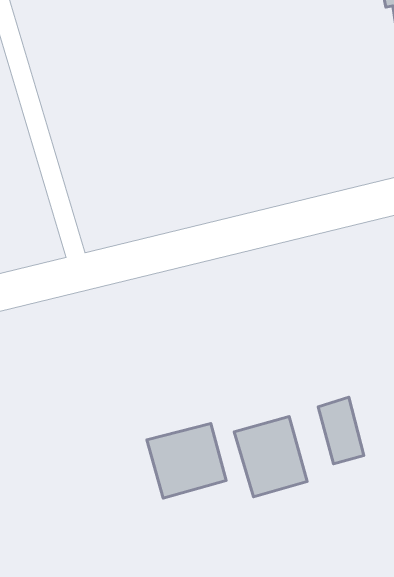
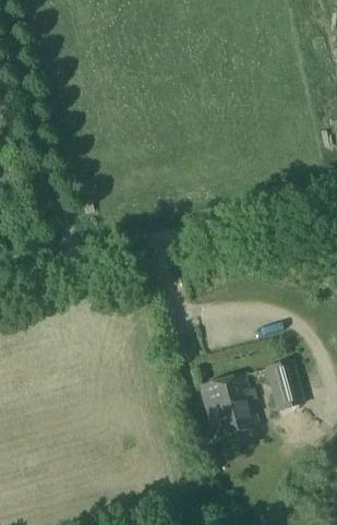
building: [147,424,226,498] -> none

